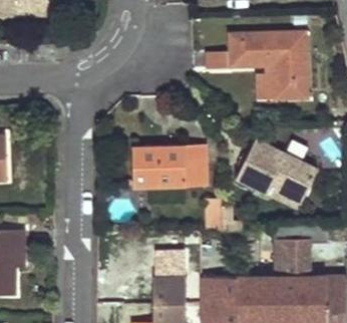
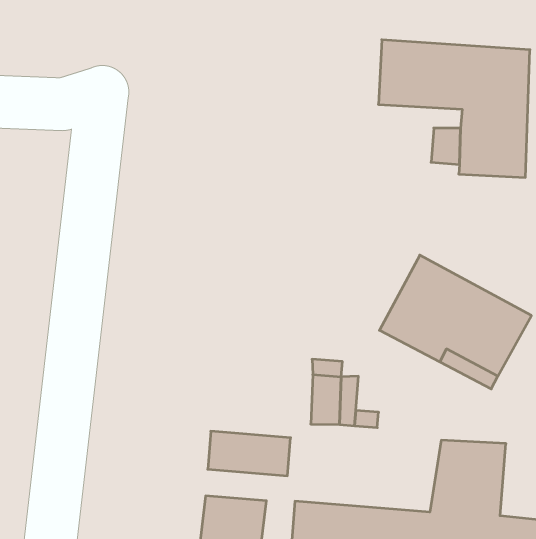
building: [134,152,207,195] -> none

